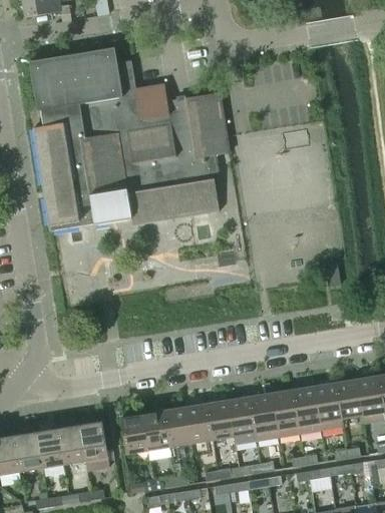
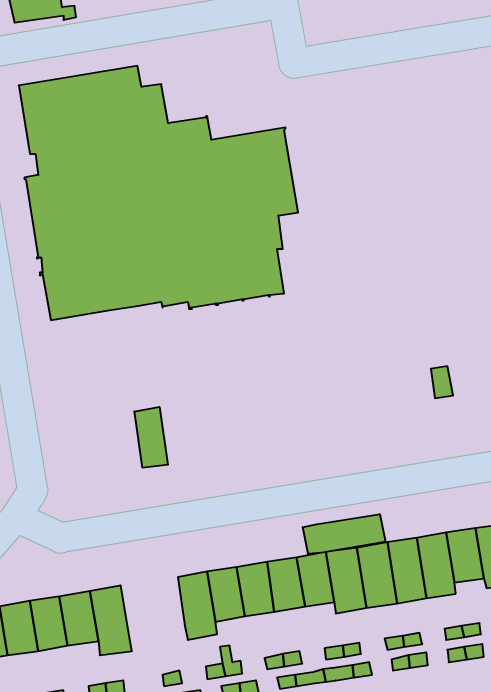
building: none -> [134,407,168,468]
building: none -> [303,514,386,554]
building: [119,415,147,454] -> none

